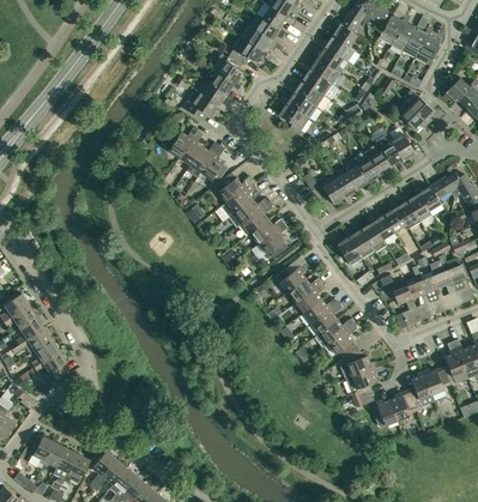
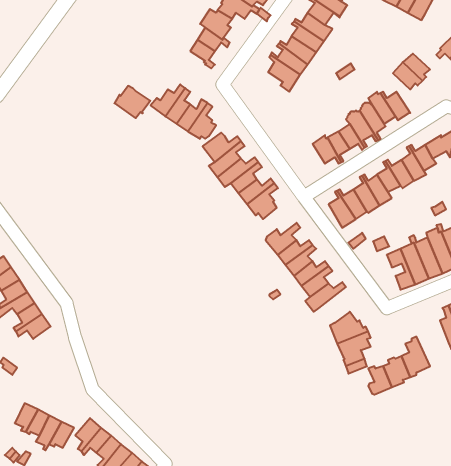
building: [182,90,217,121] -> [114,86,150,118]
building: [327,323,357,358] -> none
building: [422,367,449,401] -> none

